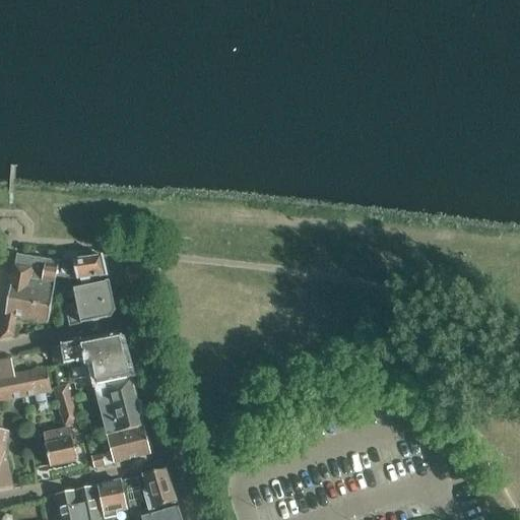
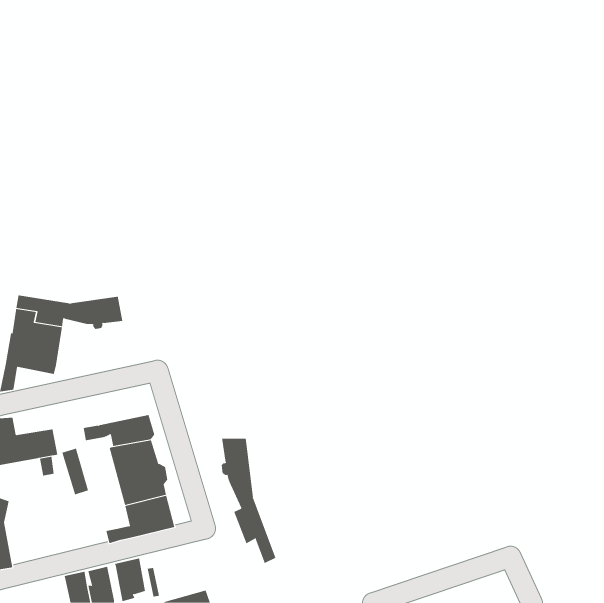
building: [65,281,113,324] -> none
building: [51,333,128,365] -> none
building: none -> [221,438,276,564]
building: [43,428,76,465] -> none
building: [143,469,175,509] -> none

